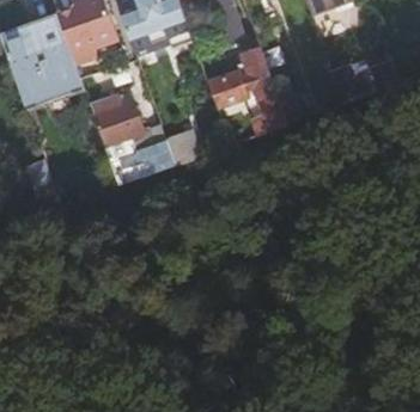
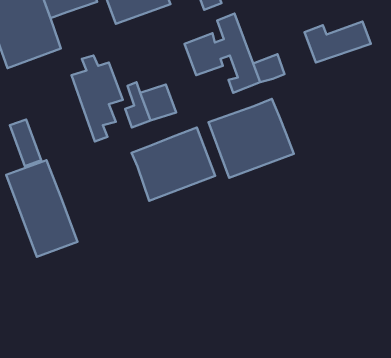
building: none -> [208,99,294,178]
building: none -> [132,127,215,201]
building: none -> [6,160,77,257]

